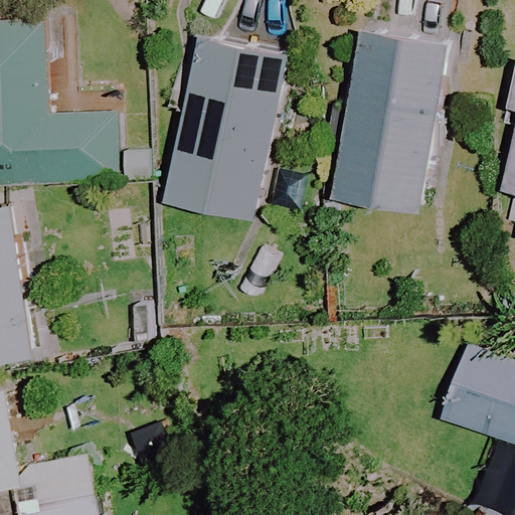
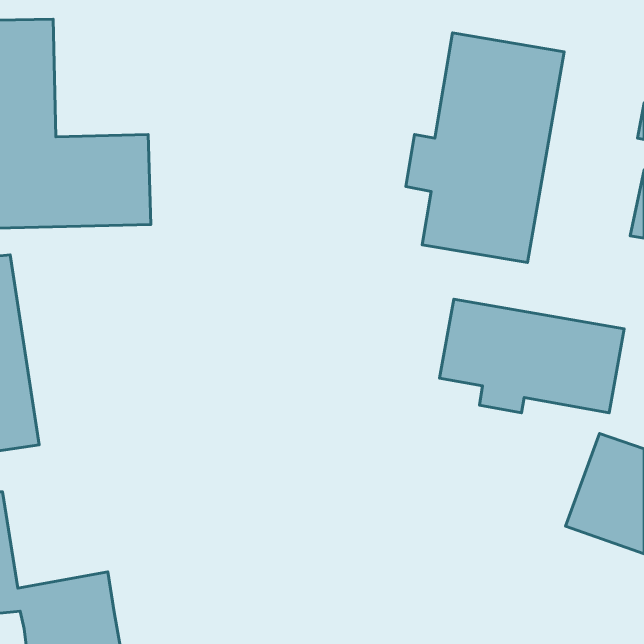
building: [156,35,290,222] -> none
building: none -> [439,299,624,413]

